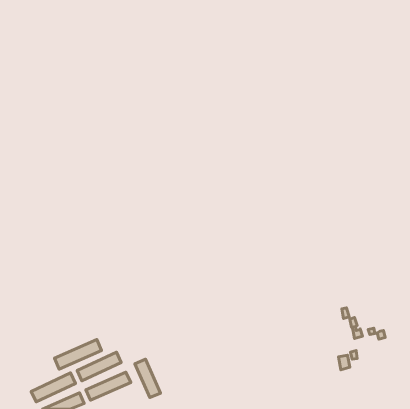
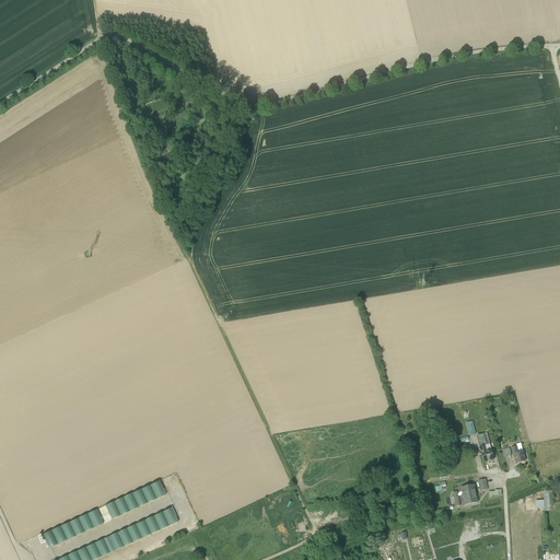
building: [55,339,101,369] -> none
building: [135,359,161,398] -> none

